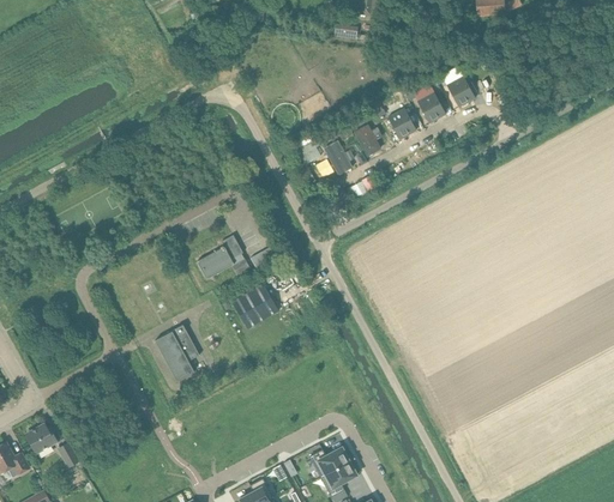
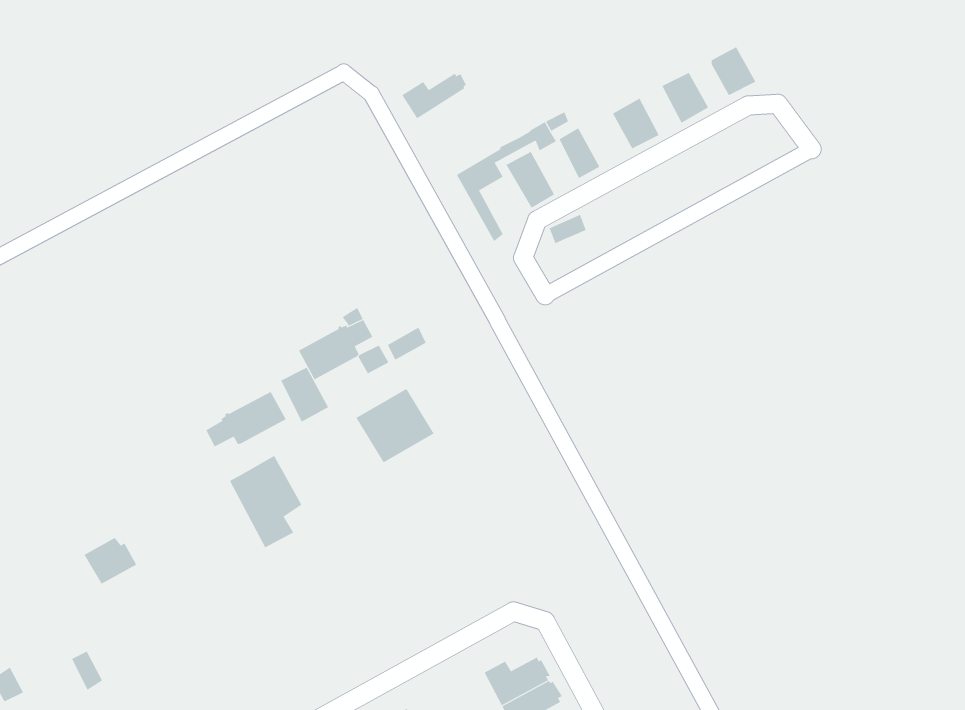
building: none -> [401,73,467,119]
building: none -> [281,367,329,423]
building: none -> [206,391,287,447]
building: [24,424,56,453] -> [84,537,137,584]

